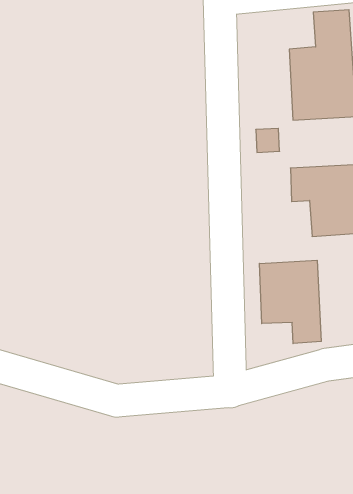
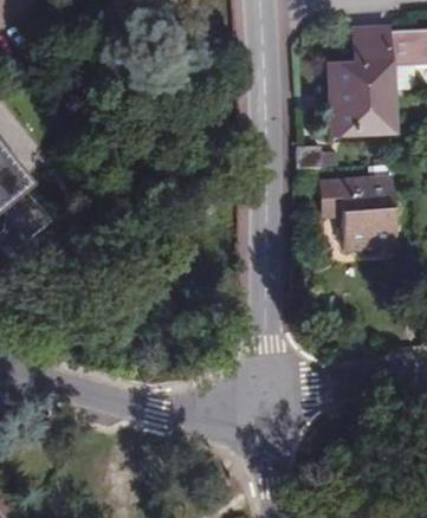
building: [259,260,321,344] -> none

